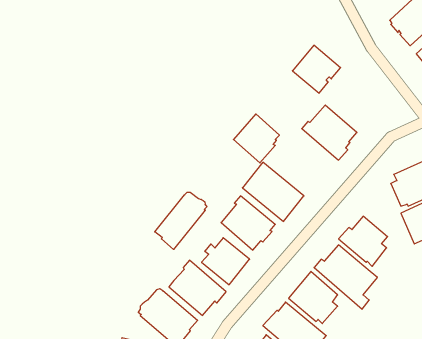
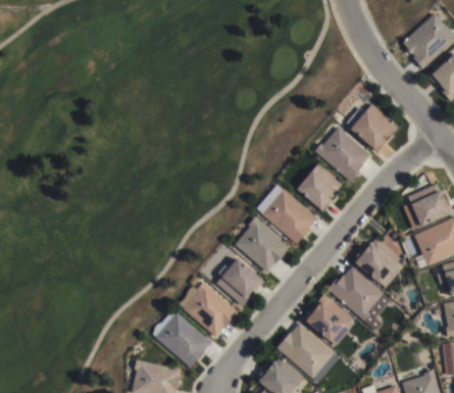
building: [292,45,341,93] -> [350,103,398,151]
building: [233,114,279,163] -> [295,163,341,212]
building: [155,192,207,249] -> none

